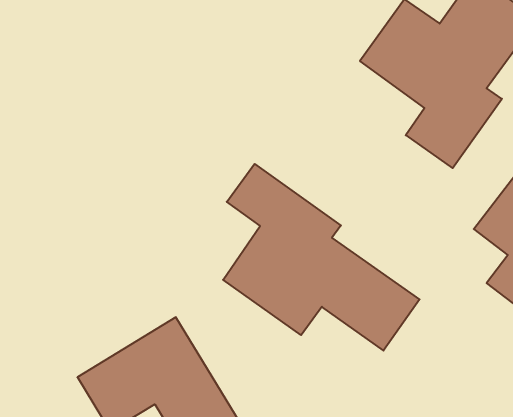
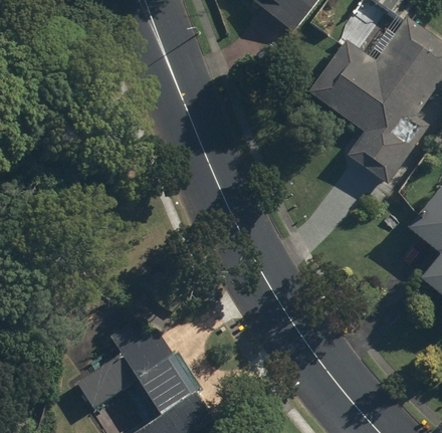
building: [223,164,420,351] -> none

